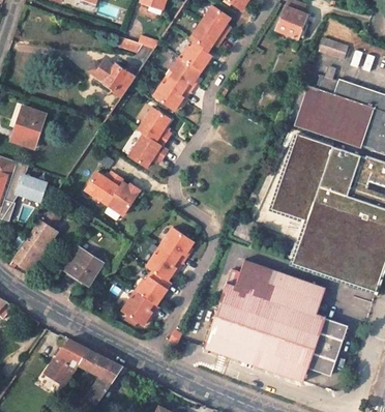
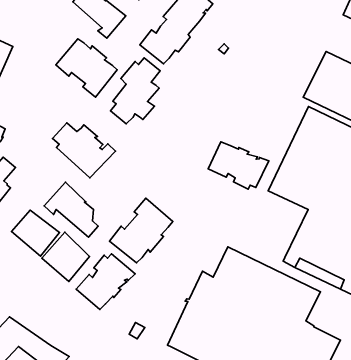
building: none -> [56,39,117,97]
building: none -> [208,142,269,189]
building: none -> [44,182,98,237]
building: none -> [42,232,90,281]

